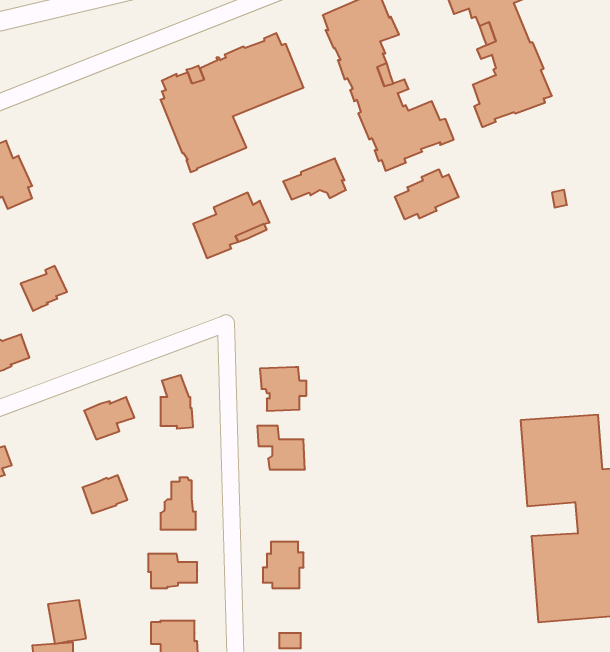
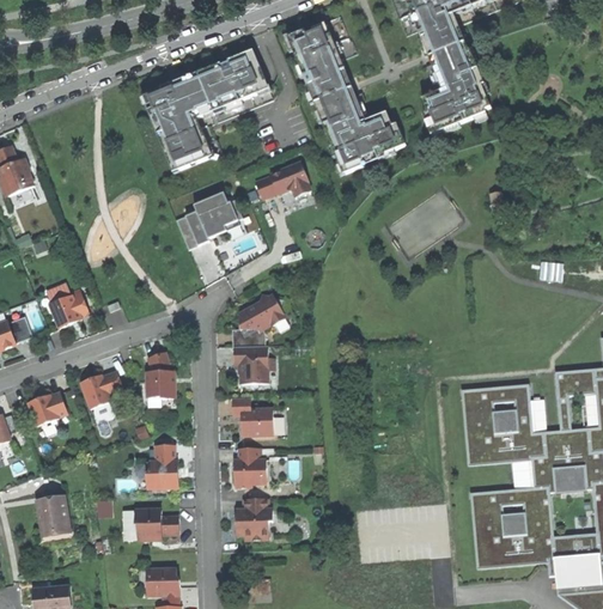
building: [395,169,459,219] -> none
building: [21,266,67,311] -> [48,287,89,327]
building: none -> [231,292,285,345]
building: [82,475,127,513] -> [28,390,67,424]
building: none -> [234,445,266,485]
building: [48,600,86,644] -> [36,494,69,532]

